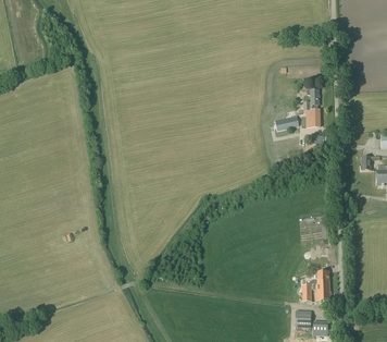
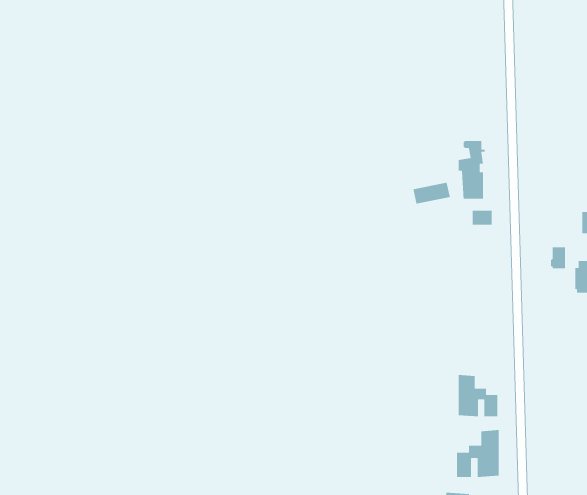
building: none -> [458,374,498,417]

